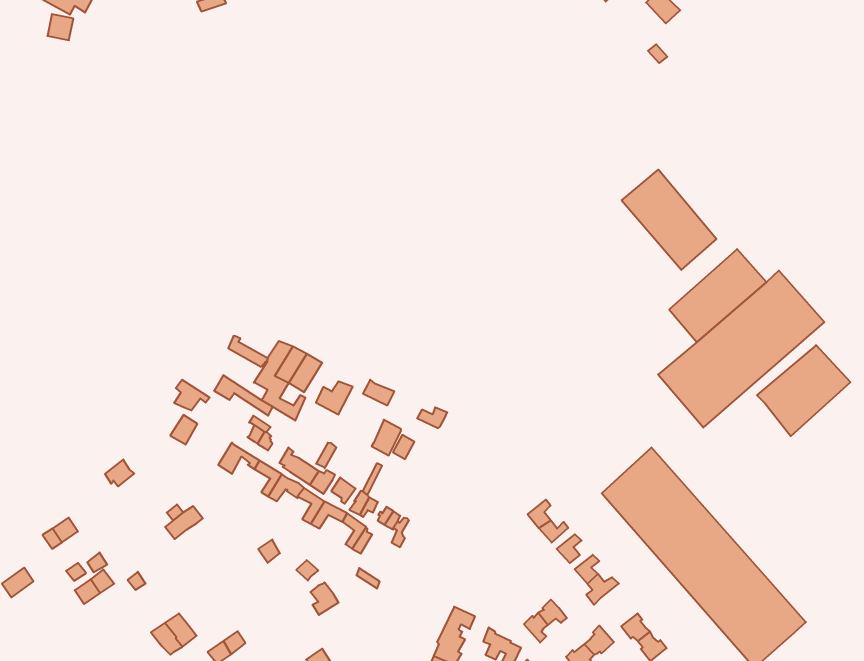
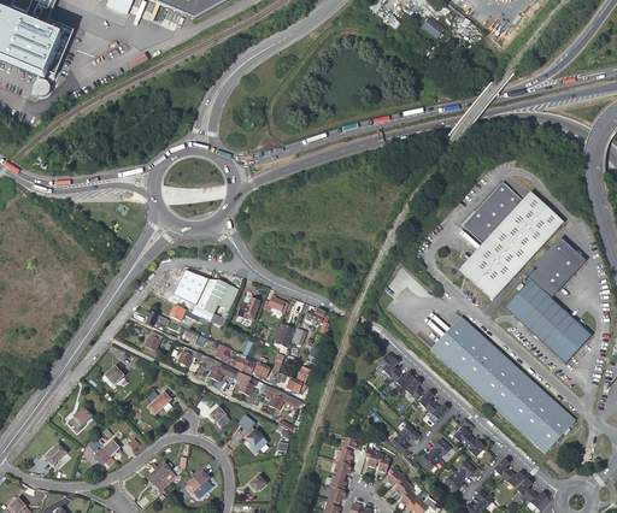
building: [622,170,716,270] -> none
building: none -> [505,279,590,362]

